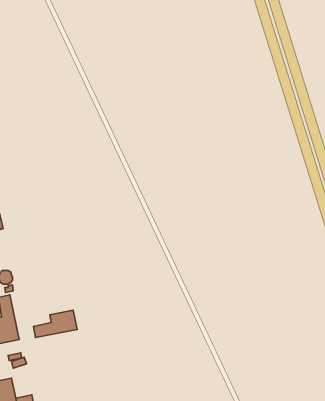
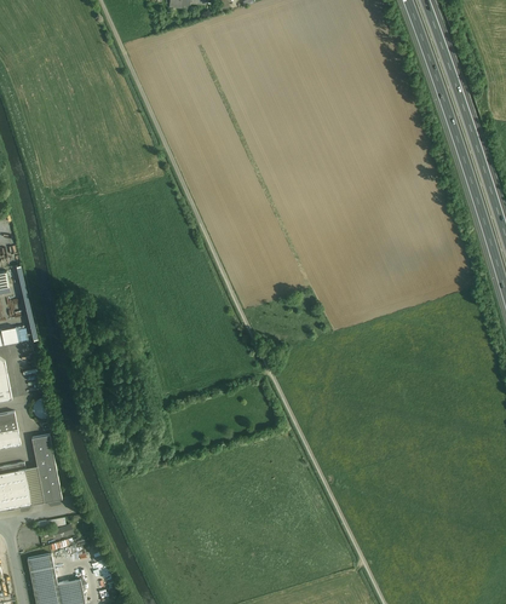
building: [34,310,77,337] -> none

